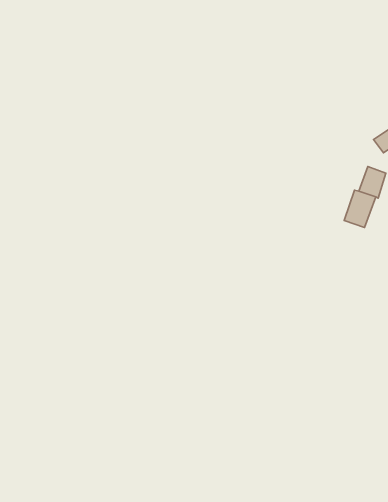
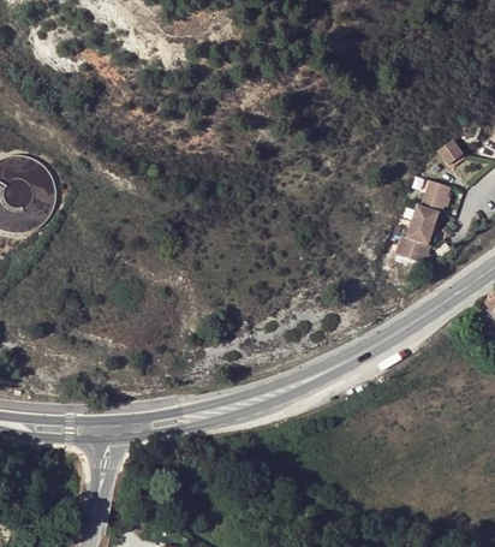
building: none -> [394,234,430,263]

